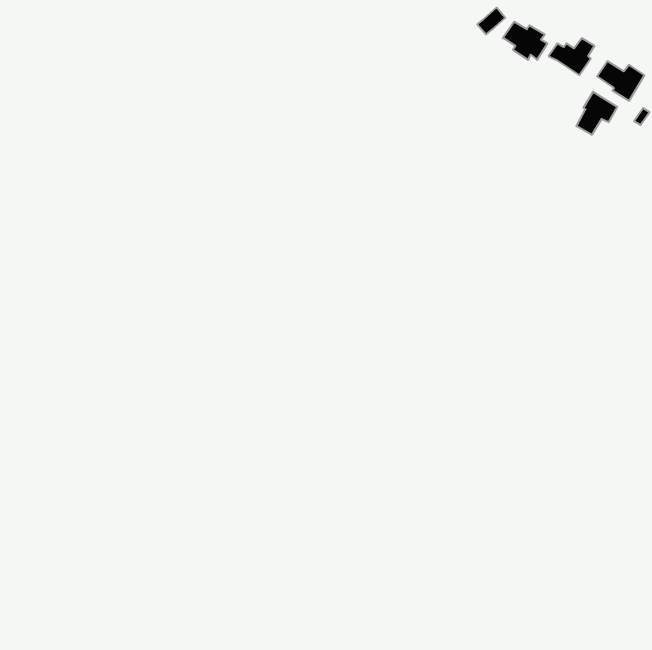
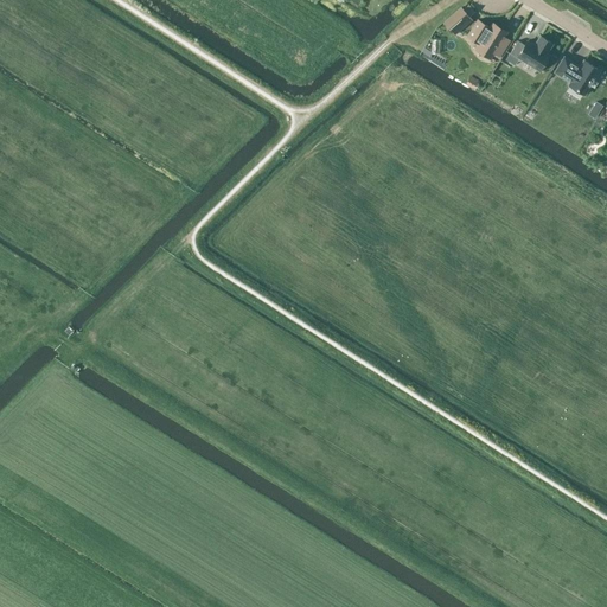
building: [576,92,617,135] -> none

